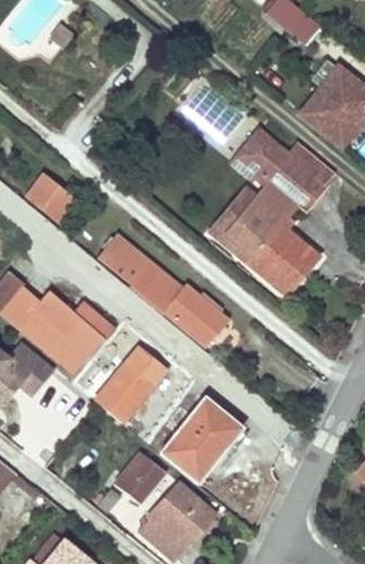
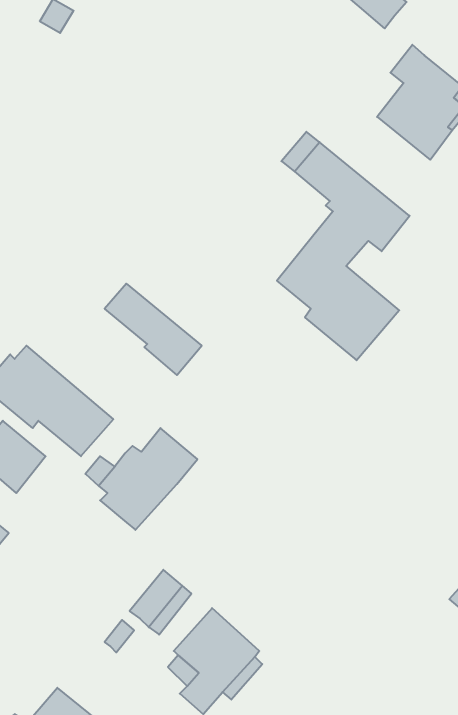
building: [25,174,74,220] -> none
building: [210,192,255,262] -> none
building: [152,283,228,345] -> none
building: [160,399,246,482] -> none

